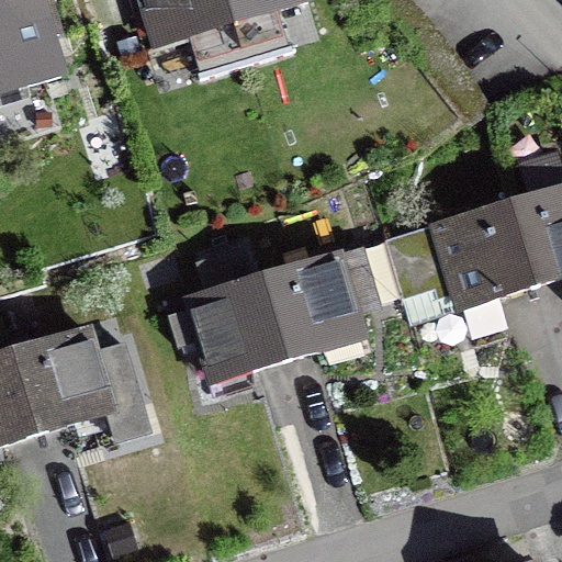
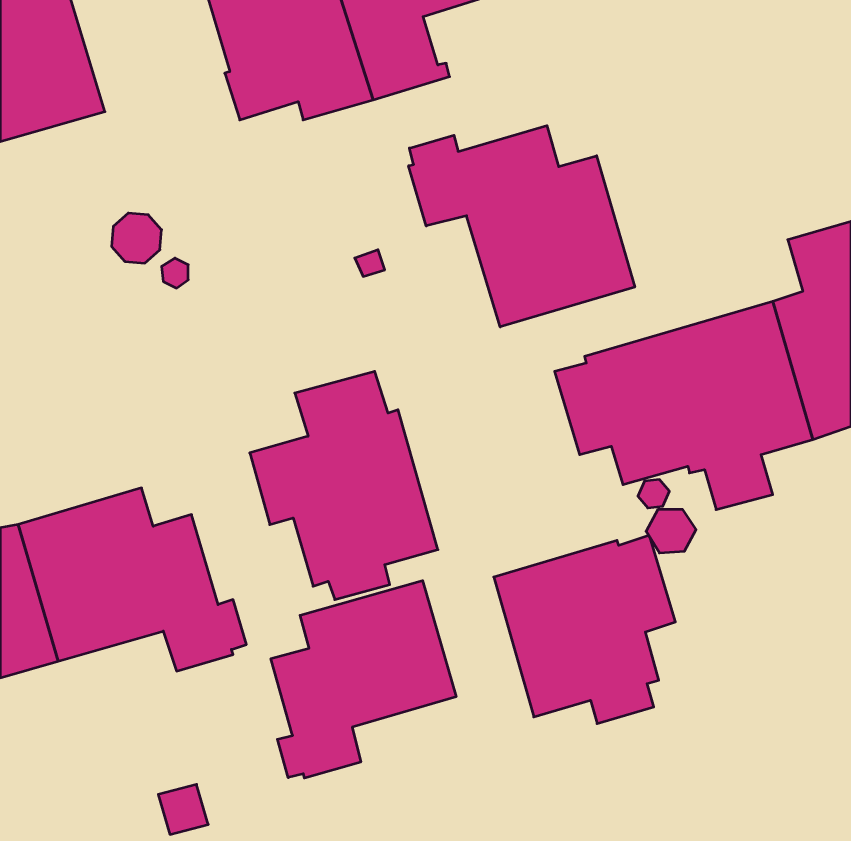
building: none -> [409,126,635,327]
building: [262,243,382,367] -> [494,535,675,724]
building: none -> [271,581,456,778]

